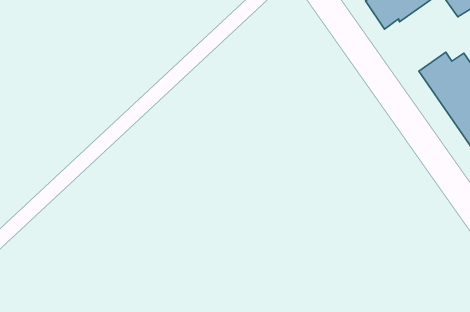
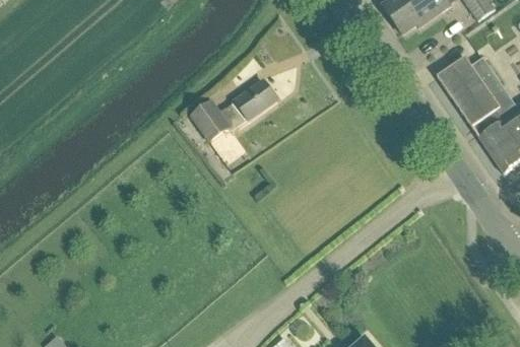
building: none -> [192,80,276,140]

